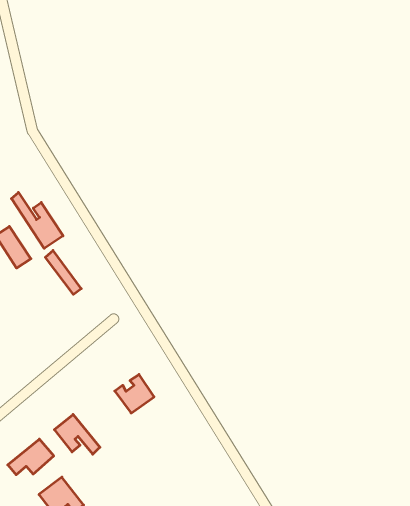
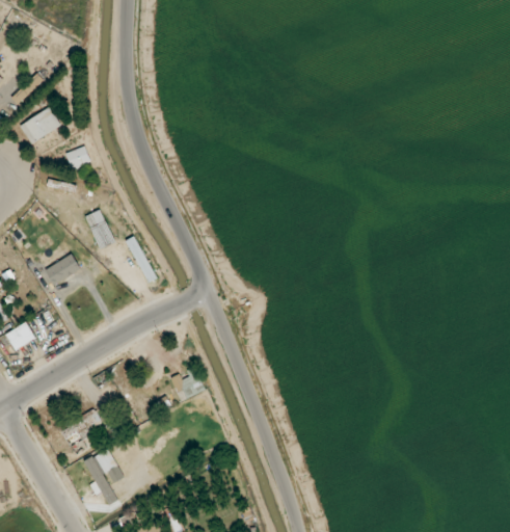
building: [11,192,63,248] -> none
building: [54,414,100,454] -> none

